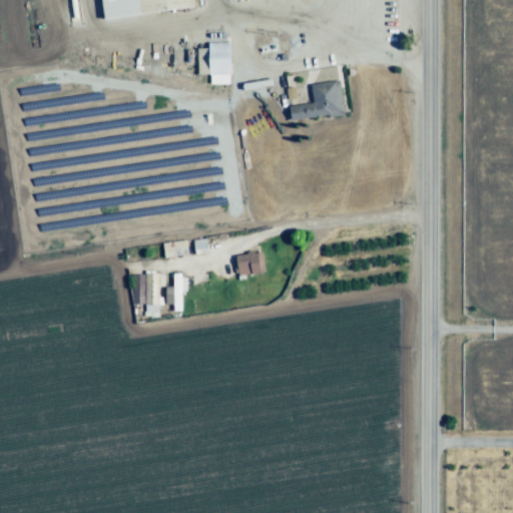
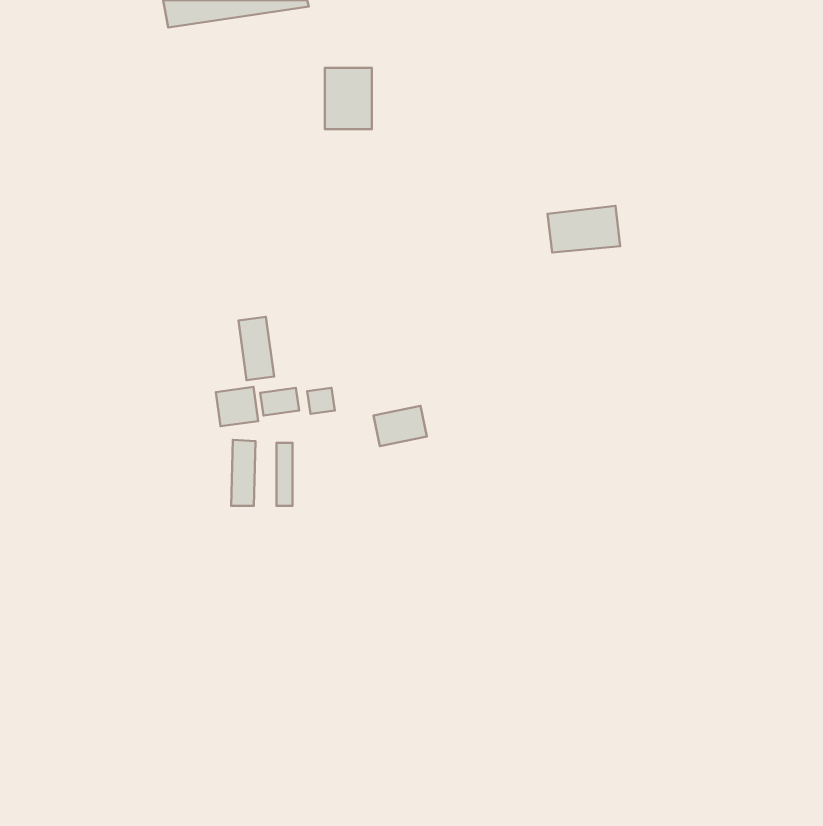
building: [299,87,344,116] -> [547,206,620,253]
building: none -> [238,317,274,380]
building: none -> [216,387,258,426]

